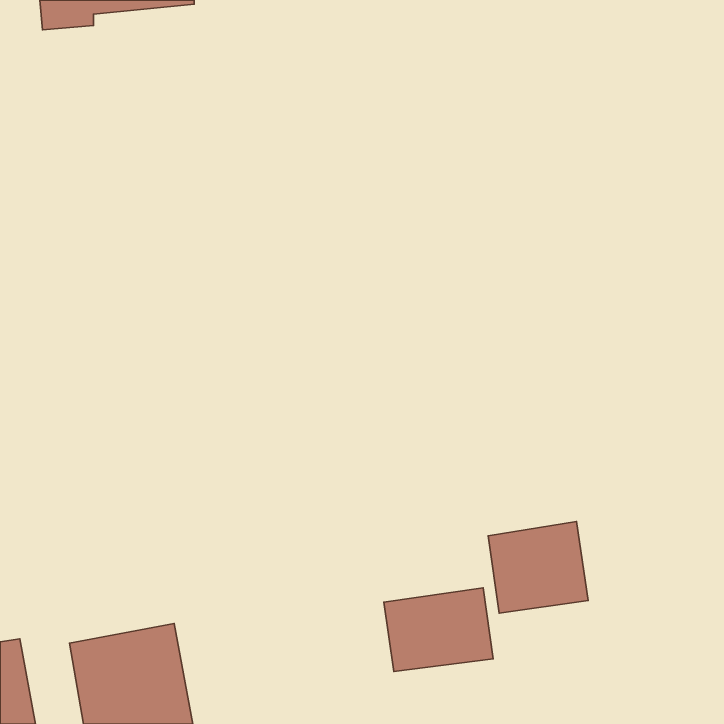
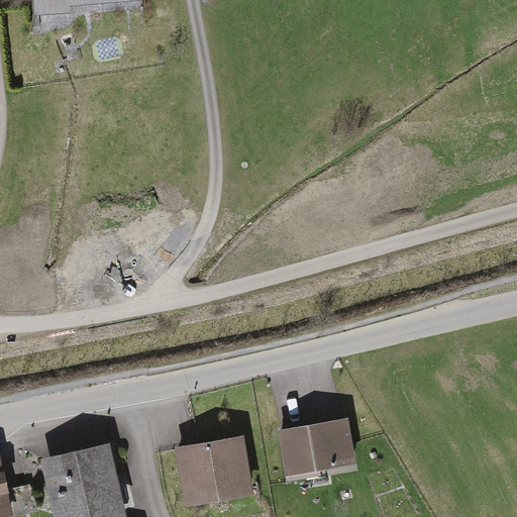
building: [488,521,588,613] -> none
building: none -> [171,438,247,506]

